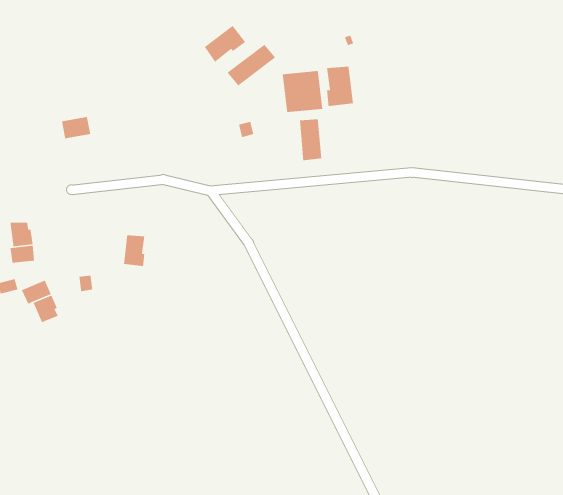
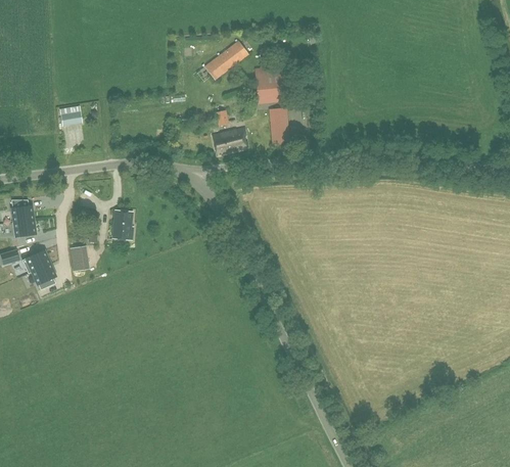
building: [204,25,246,63] -> none
building: [326,66,354,107] -> none
building: none -> [213,129,248,156]

